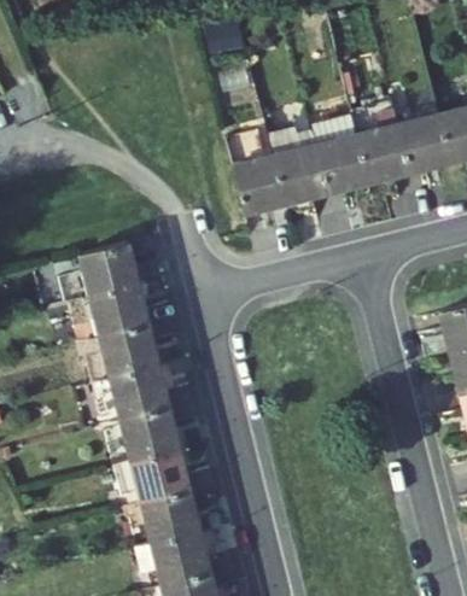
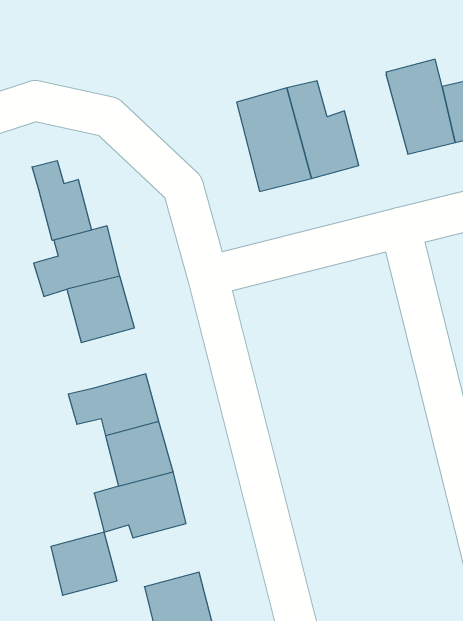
building: [321,117,374,193] -> none
building: none -> [32,161,91,240]
building: [100,329,154,380] -> none
building: [144,493,199,547] -> [51,532,117,595]

